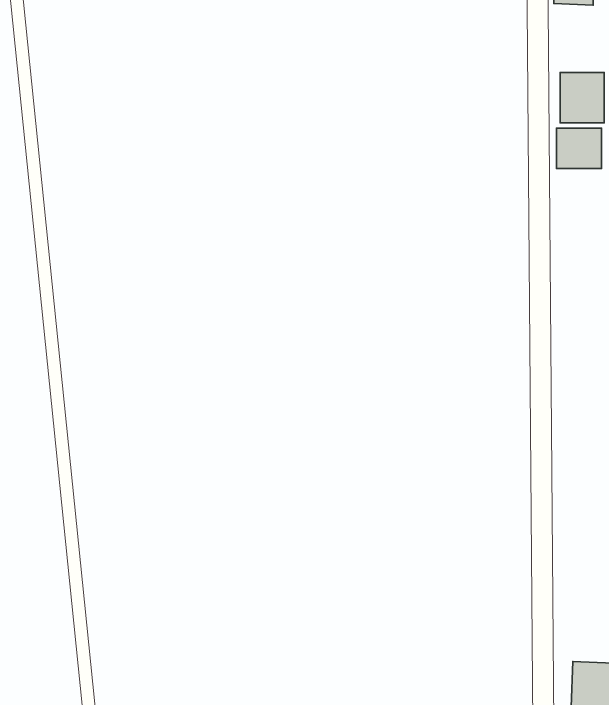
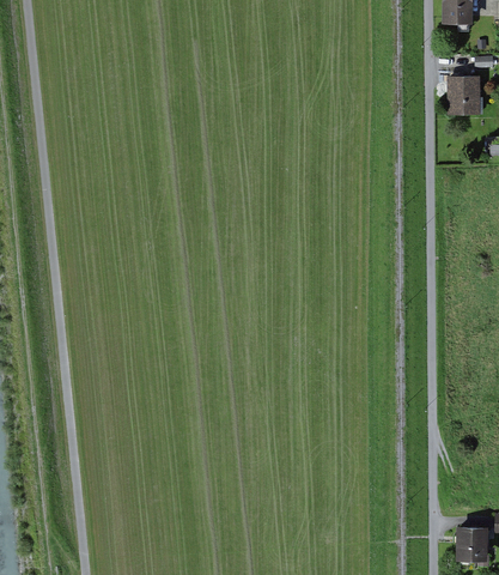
building: [556,128,601,169] -> none

